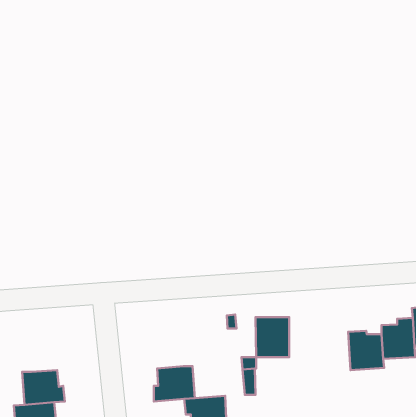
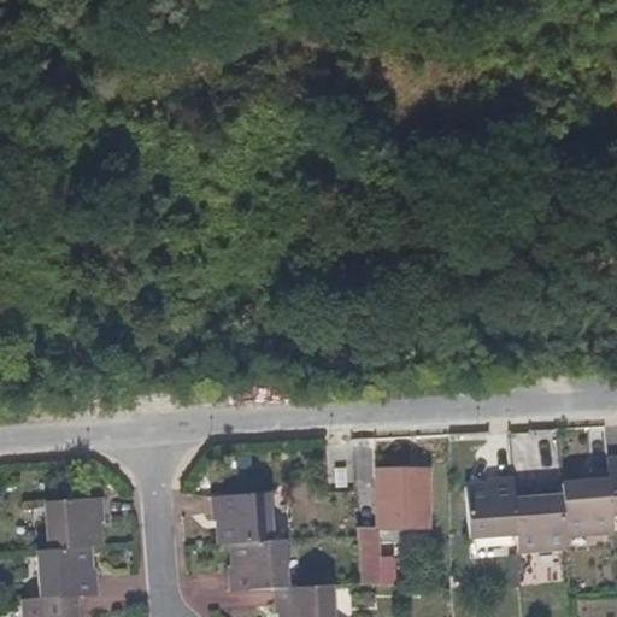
building: none -> [468,475,518,534]
building: none -> [213,494,274,545]
building: none -> [47,498,104,550]

